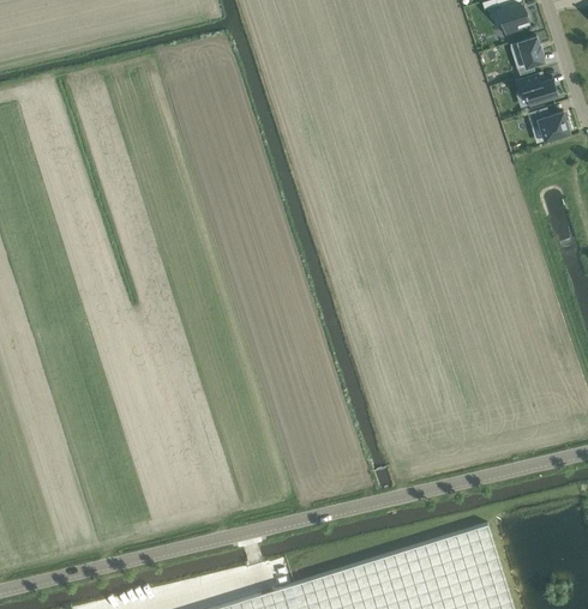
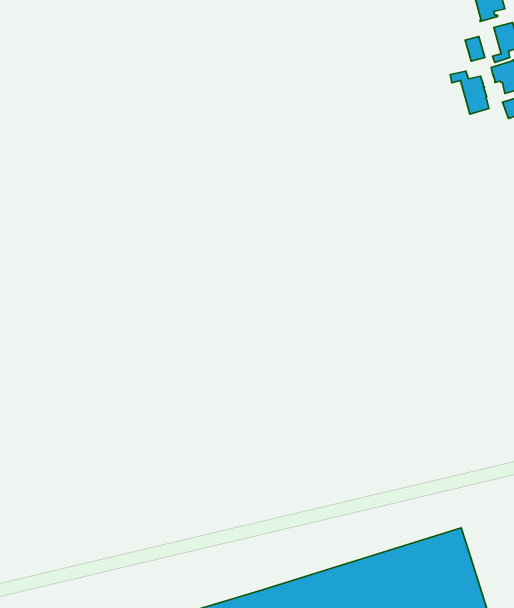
building: none -> [450,71,489,114]

